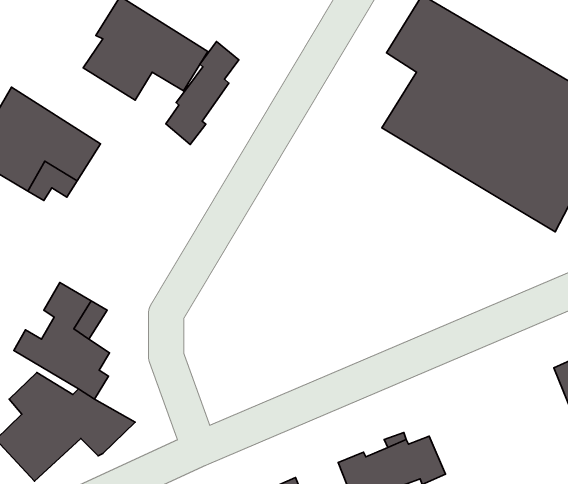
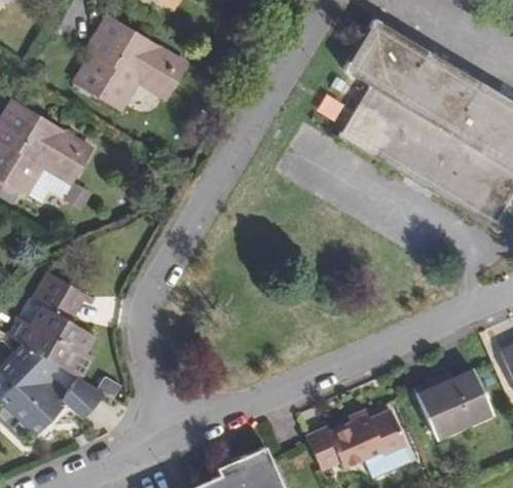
building: [166,42,239,144] -> none
building: none -> [408,368,488,438]

